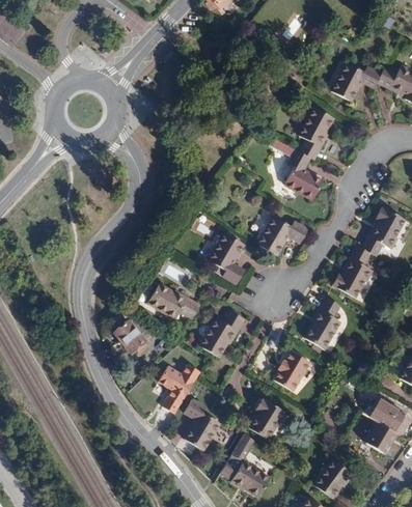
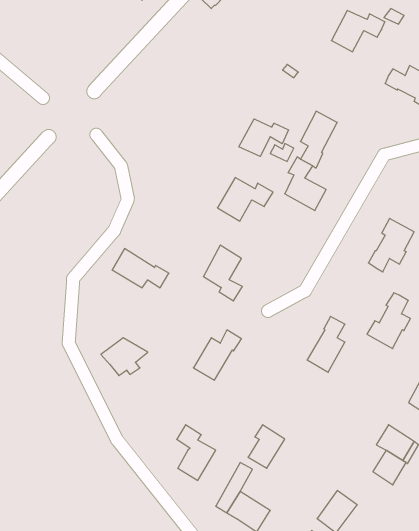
building: [331,63,381,102] -> [331,11,385,52]
building: none -> [239,119,288,156]
building: [256,216,308,256] -> [217,178,273,221]
building: [332,246,373,298] -> [367,293,410,349]
building: [147,282,200,318] -> [112,249,169,288]
building: [273,350,310,391] -> none
building: [159,364,201,415] -> none

